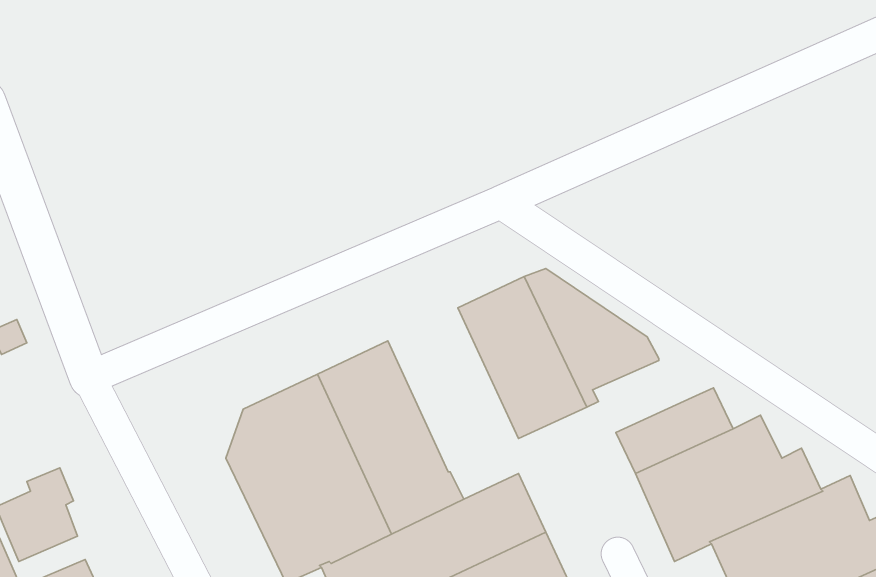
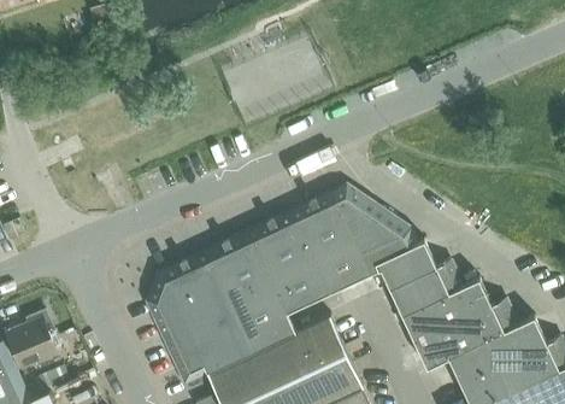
building: none -> [248,215,329,316]
building: none -> [375,242,436,292]

